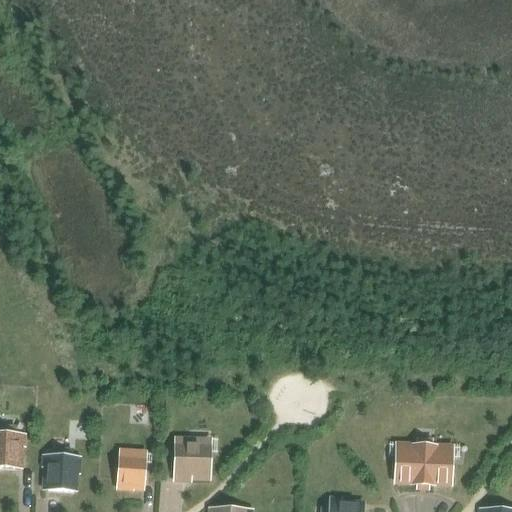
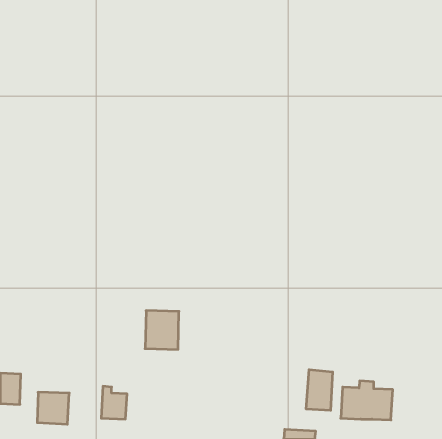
building: none -> [306,370,333,410]
building: [173,434,212,479] -> [145,311,179,349]

